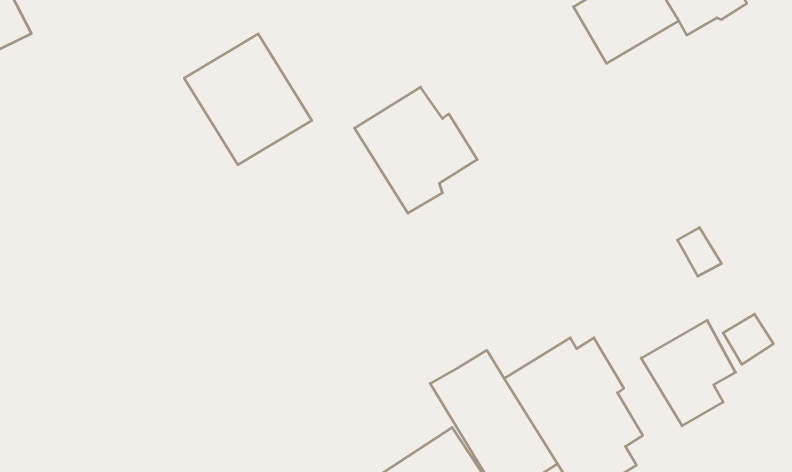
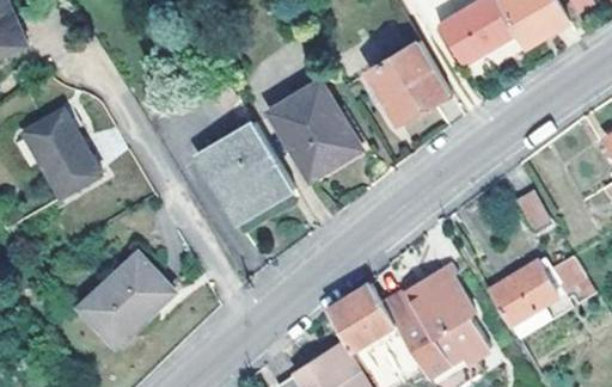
building: none -> [368,39,448,121]
building: [184,34,312,165] -> [197,125,294,225]
building: none -> [18,108,93,196]
building: none -> [82,250,172,336]

